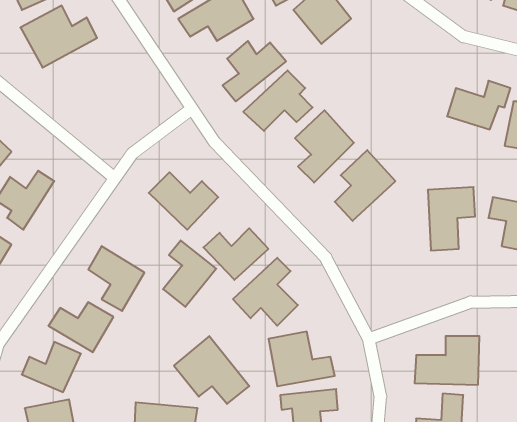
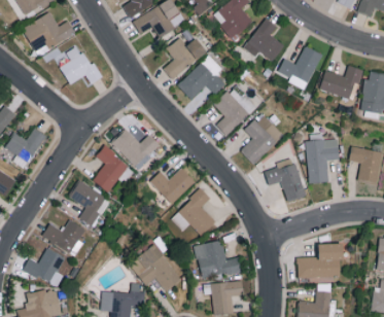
building: none -> [245,17,283,61]
building: none -> [277,46,321,86]
building: none -> [56,48,101,83]
building: none -> [265,157,305,202]
building: [163,240,216,307] -> [92,146,129,192]

